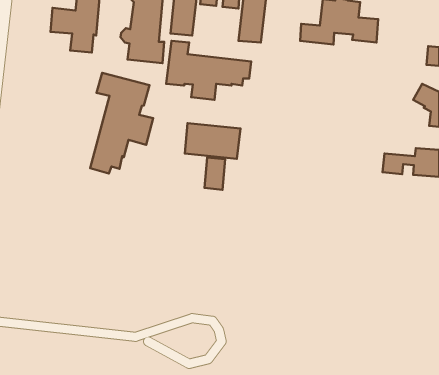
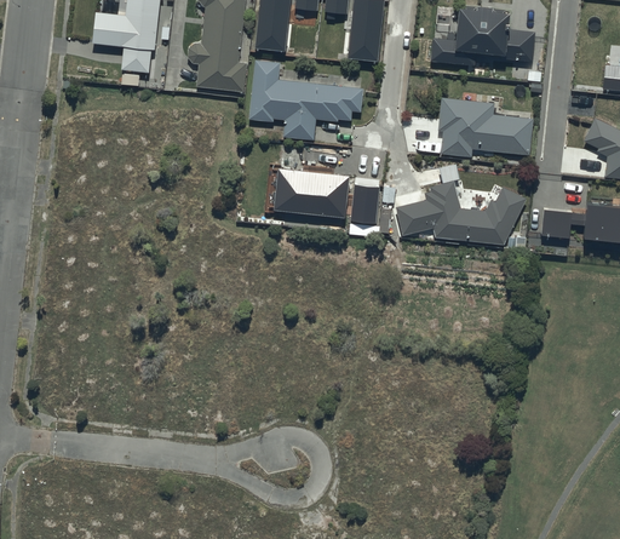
building: none -> [437,96,533,155]
building: [90,73,153,173] -> none
building: none -> [396,180,527,243]
building: [205,157,225,190] -> [350,179,378,223]

